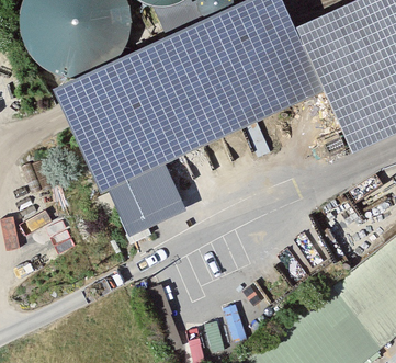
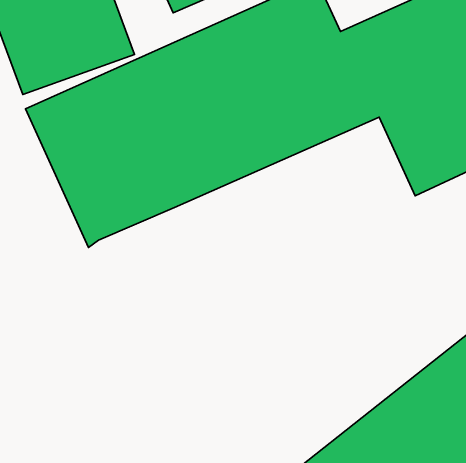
building: [108,161,185,230] -> none

